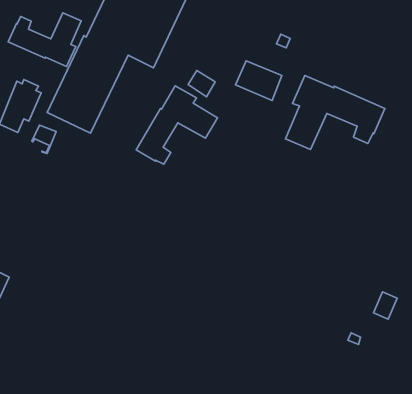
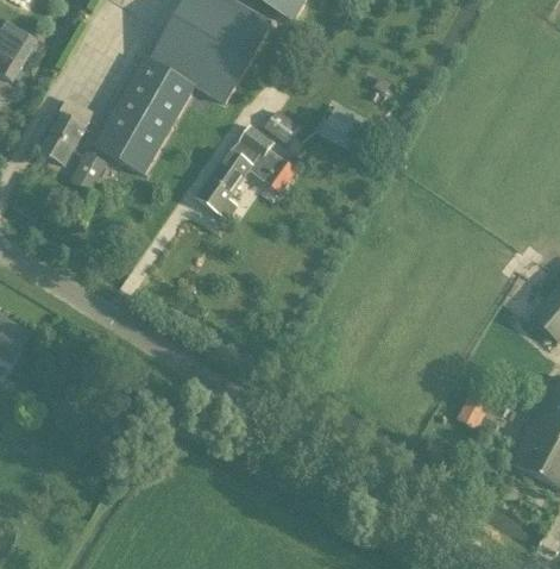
building: [8,13,81,66] -> none
building: [285,76,385,149] -> none

